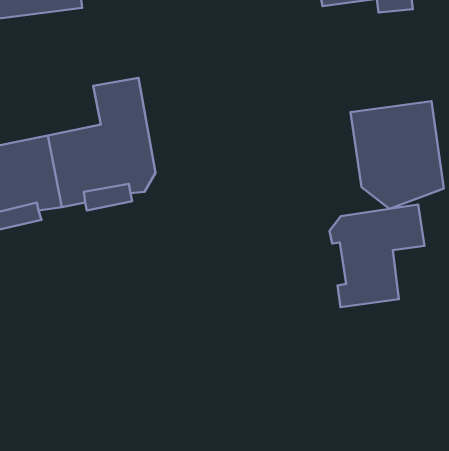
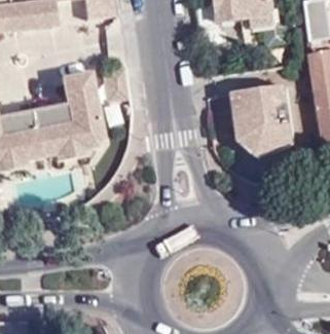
building: [329,204,425,307] -> none

